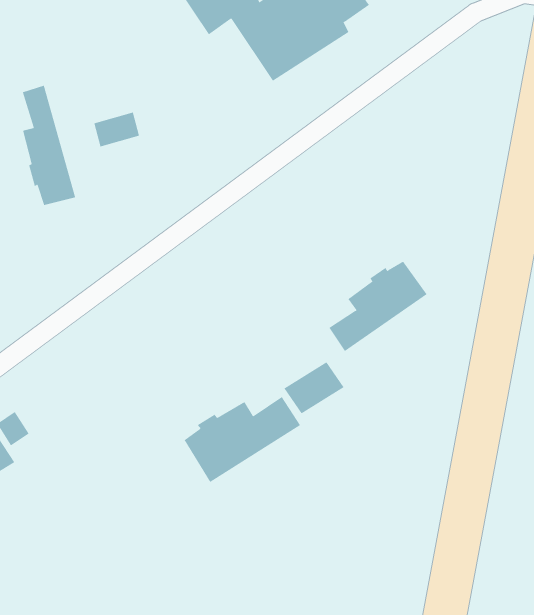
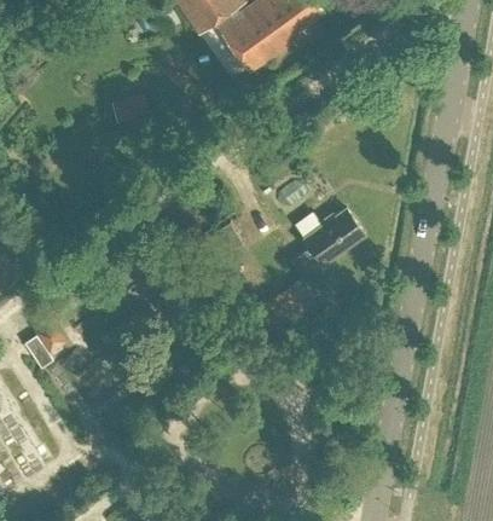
building: [22,85,76,206] -> none
building: [184,396,301,483] -> none

